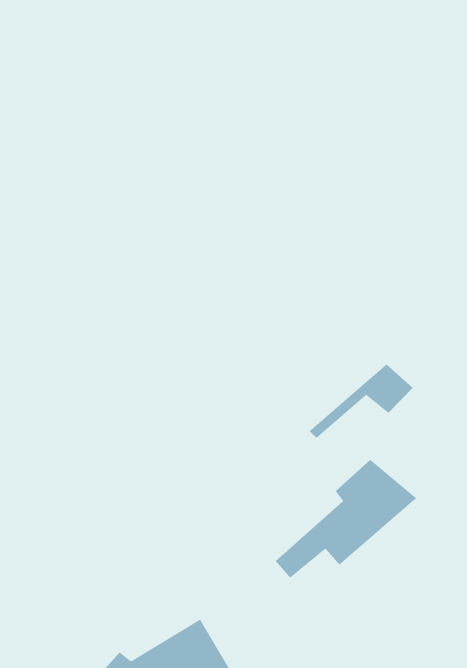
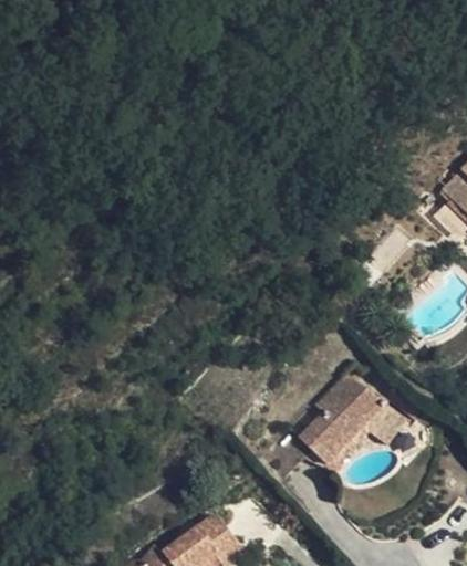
building: [309,364,414,439] -> [324,403,406,468]

